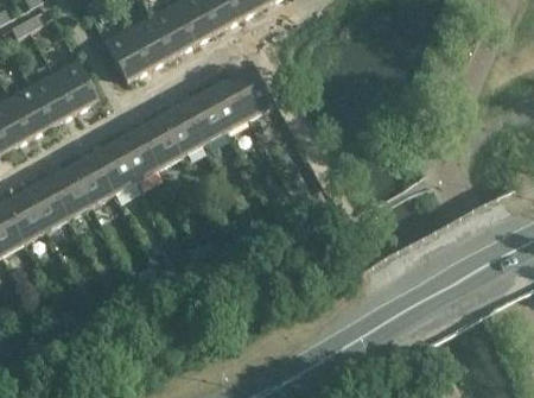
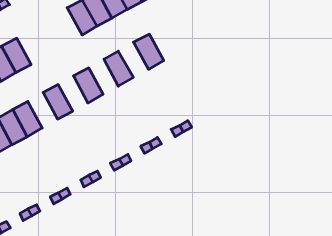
building: [104,27,151,80] -> none
building: [53,59,98,112] -> none
building: [204,78,249,131] -> none
building: [160,103,204,156] -> none
building: [115,128,159,181] -> none
building: [70,153,114,206] -> none

